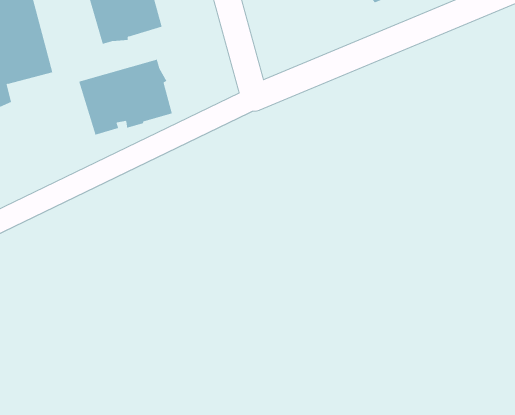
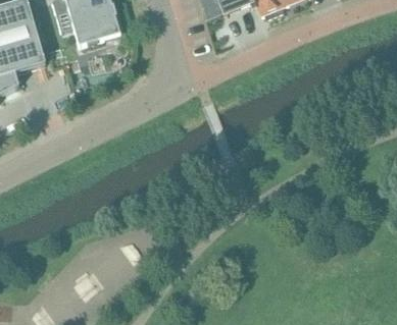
building: [78,59,172,136] -> none

